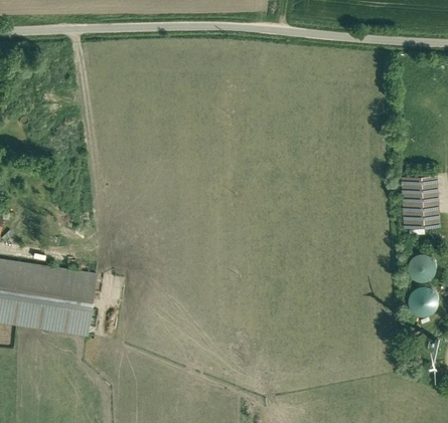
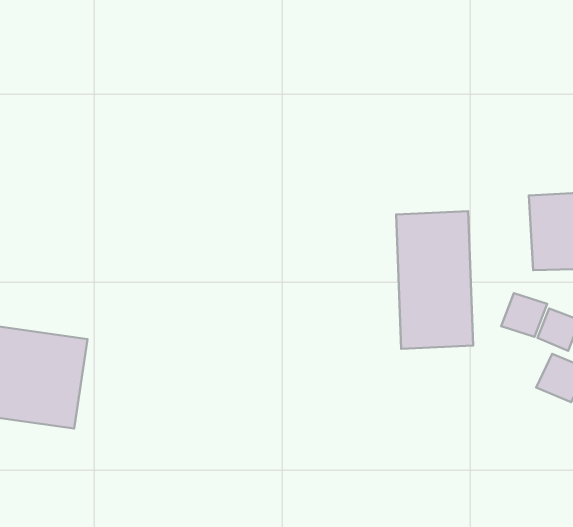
building: none -> [396,211,473,349]
building: none -> [501,293,547,337]

